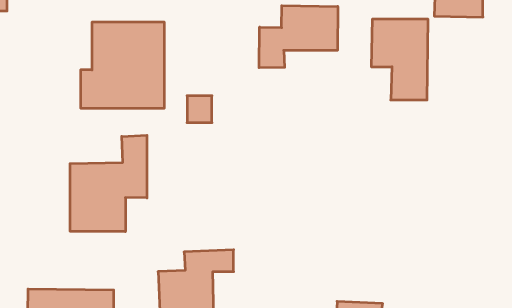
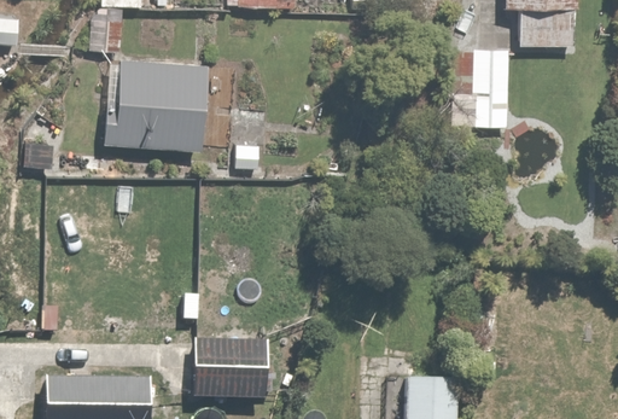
building: [259,6,338,68] -> none
building: [70,135,147,232] -> none

